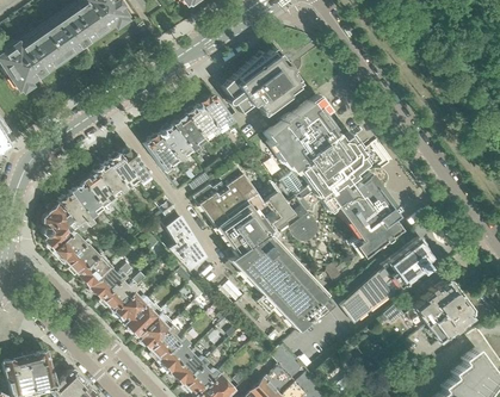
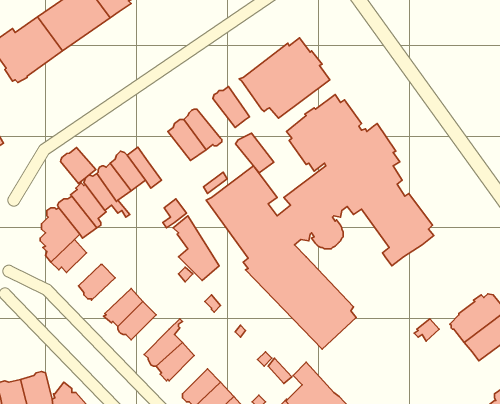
building: [185,105,220,141] -> [236,133,274,173]
building: [146,135,179,172] -> none
building: none -> [61,148,96,184]
building: [340,238,432,323] -> none
building: [67,240,98,275] -> none
building: [89,263,136,299] -> none
building: [125,292,160,336] -> none
building: [160,337,195,372] -> none

